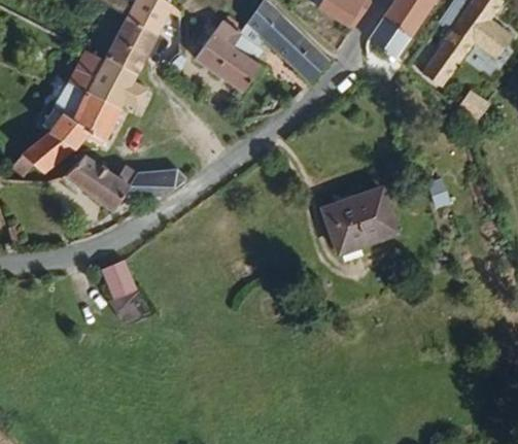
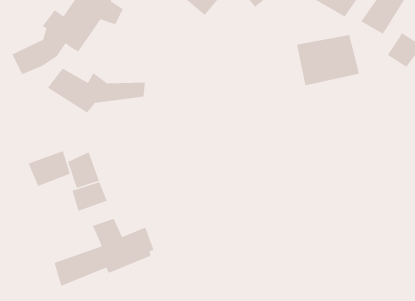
building: [326,184,402,248] -> [296,34,360,86]
building: none -> [27,150,71,187]
building: none -> [53,218,154,287]

